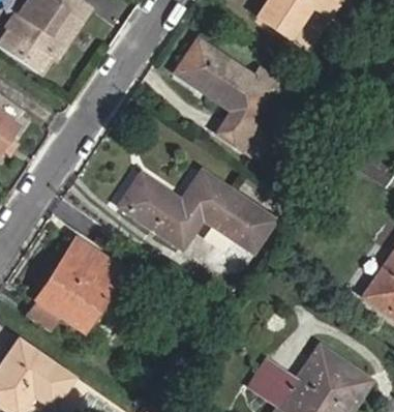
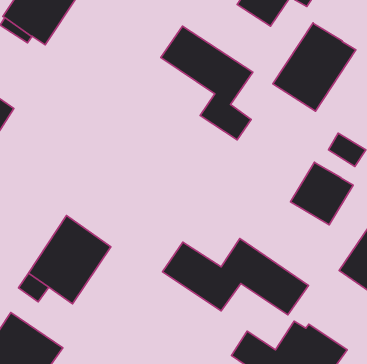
building: none -> [273,23,356,111]
building: [119,171,273,252] -> [162,238,308,315]
building: none -> [291,162,353,225]

